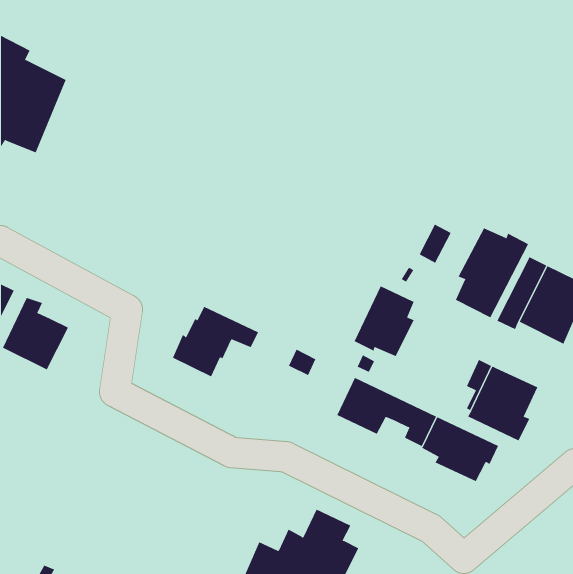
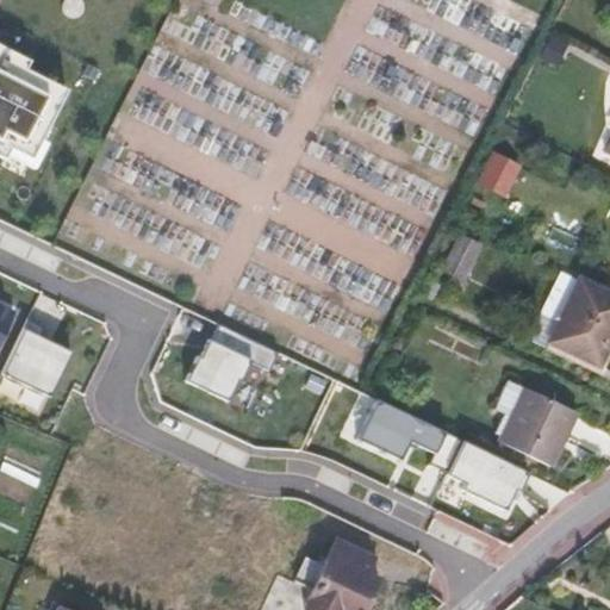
building: none -> [478,151,523,197]
building: [455,227,529,318] -> none
building: [354,286,415,357] -> none

